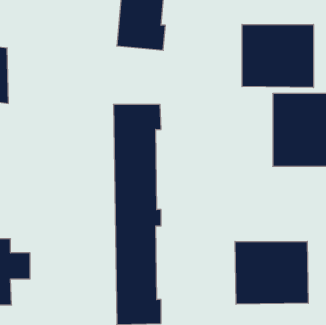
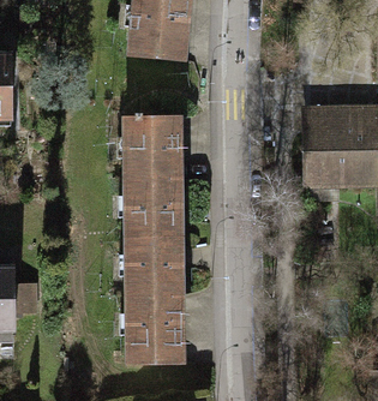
building: [242,24,313,88] -> none
building: [235,241,308,304] -> none

